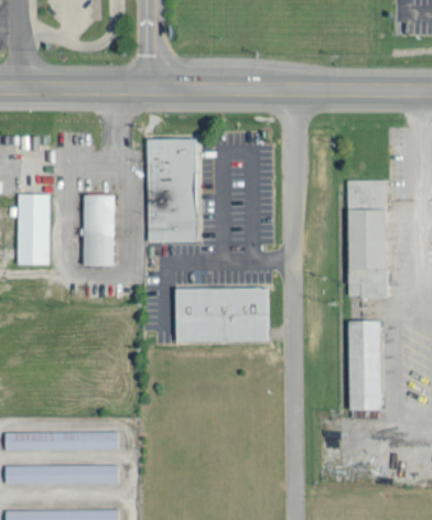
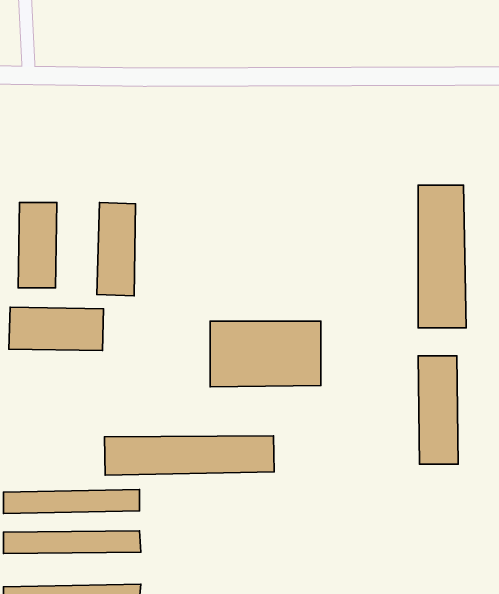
building: [147,141,196,246] -> none
building: none -> [9,307,104,351]
building: none -> [104,436,274,475]

